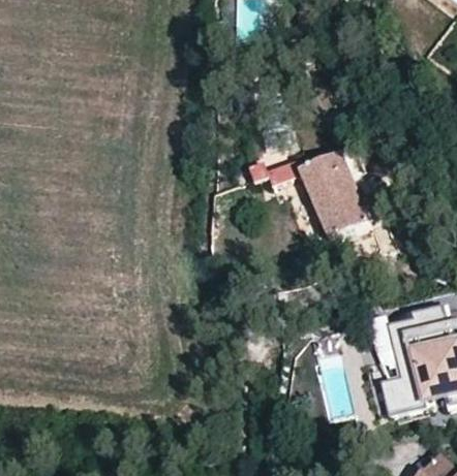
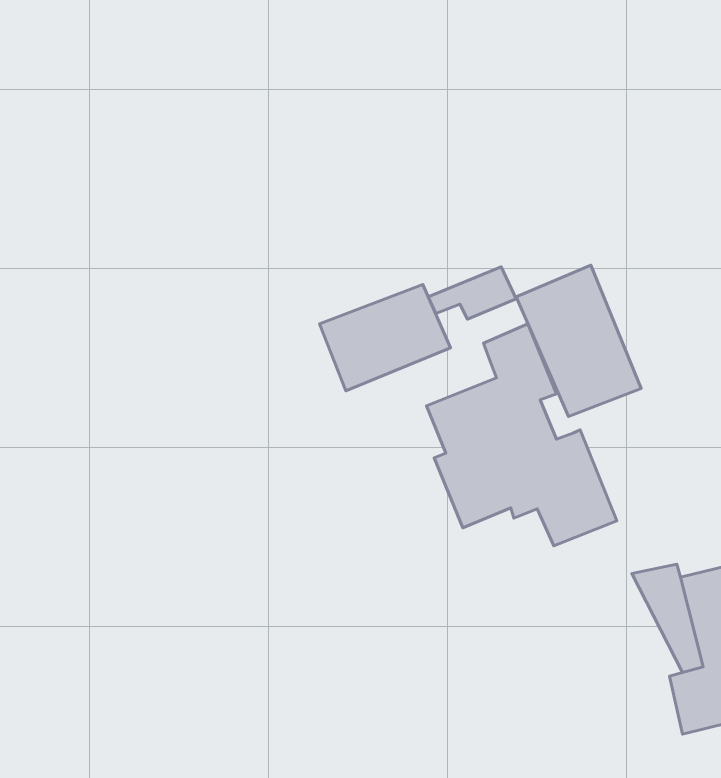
building: none -> [319,284,450,391]
building: none -> [426,324,617,546]

